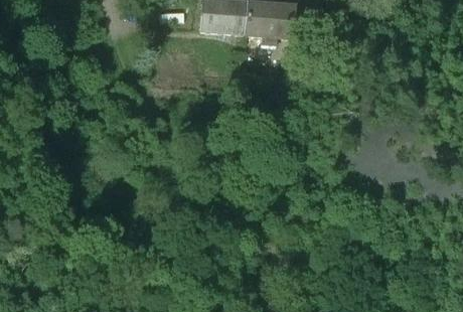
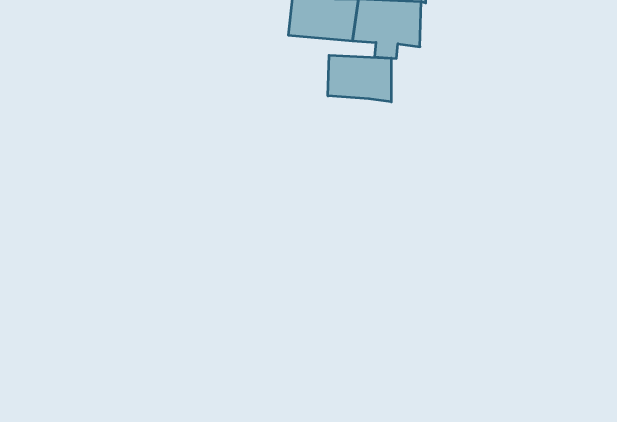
building: none -> [328,55,391,102]

